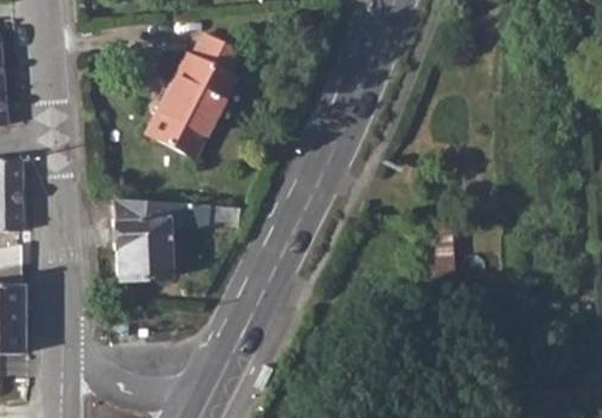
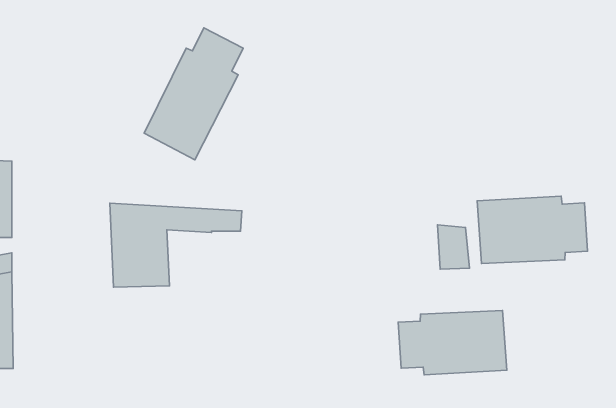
building: none -> [477,196,588,263]
building: none -> [398,311,507,375]

